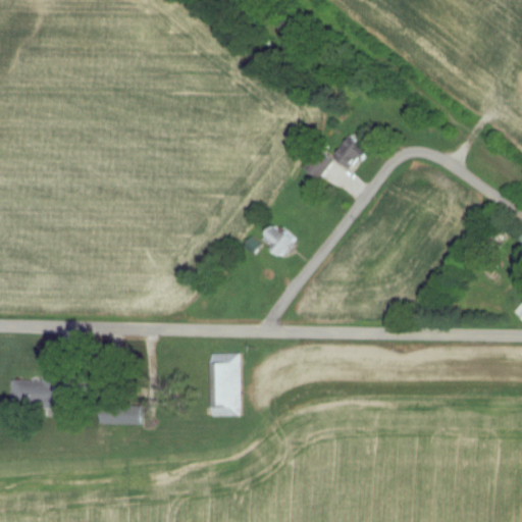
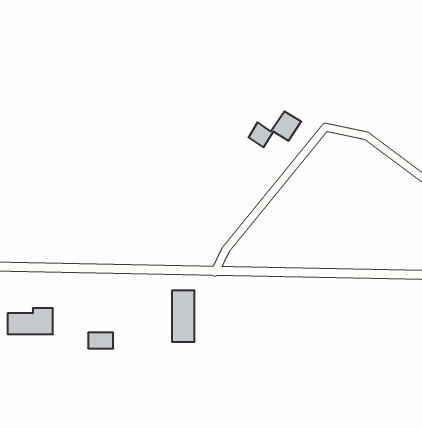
building: [259,222,294,256] -> none

